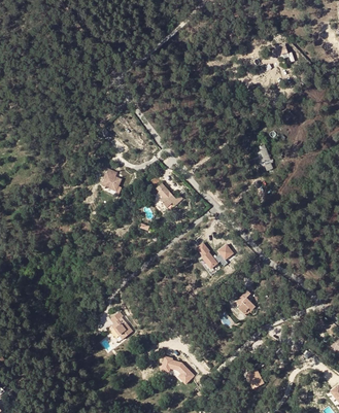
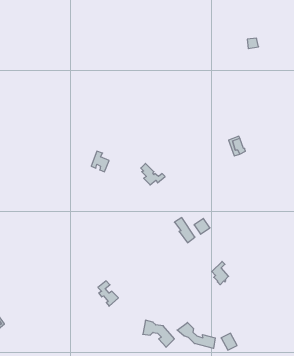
building: none -> [177,322,215,348]

